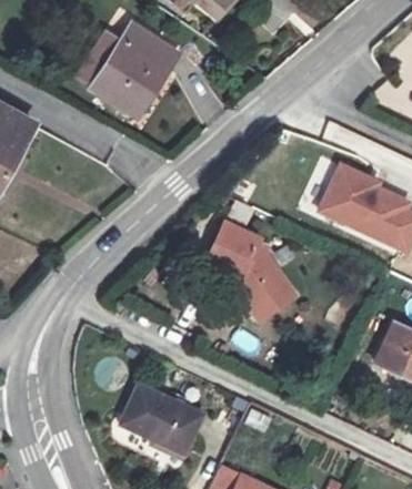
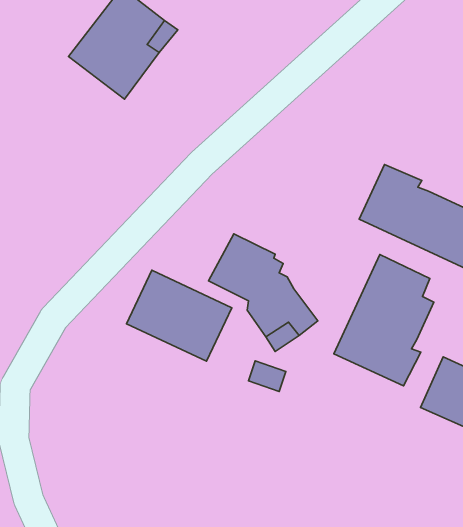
building: none -> [334,254,434,386]
building: [114,383,202,458] -> [126,270,232,361]

